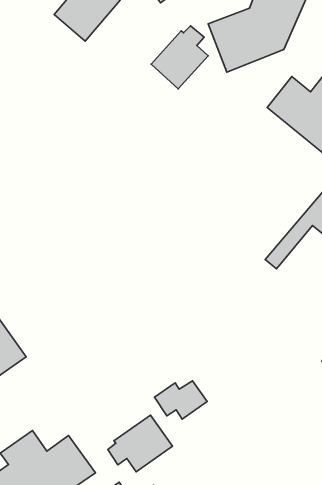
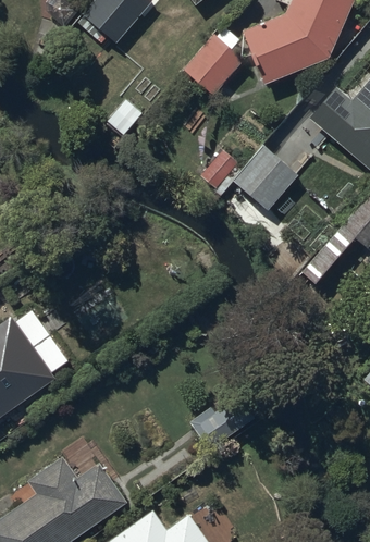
building: none -> [236,146,299,209]
building: [108,415,173,472] -> none

